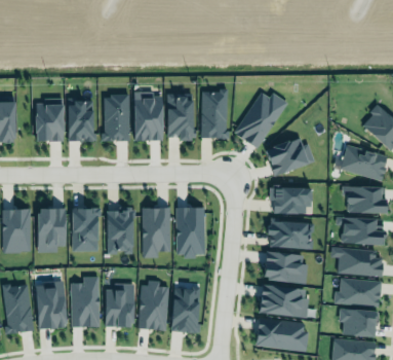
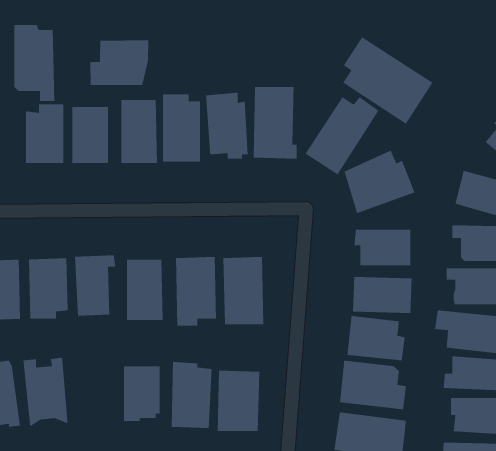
building: none -> [14,24,55,102]
building: none -> [342,36,434,125]
building: none -> [89,40,149,86]
building: [71,277,101,328] -> none

